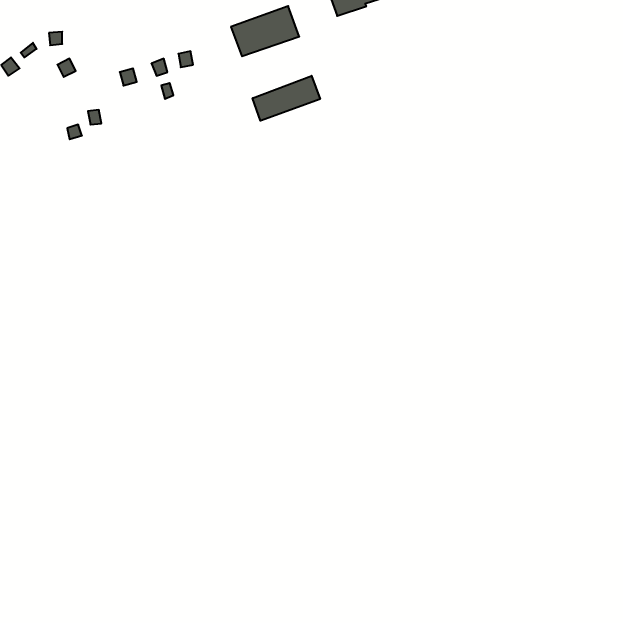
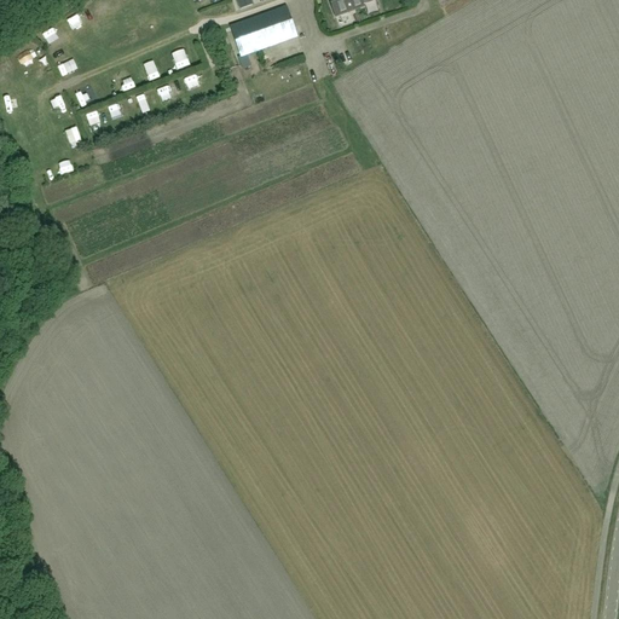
building: [253,76,320,121] -> none

